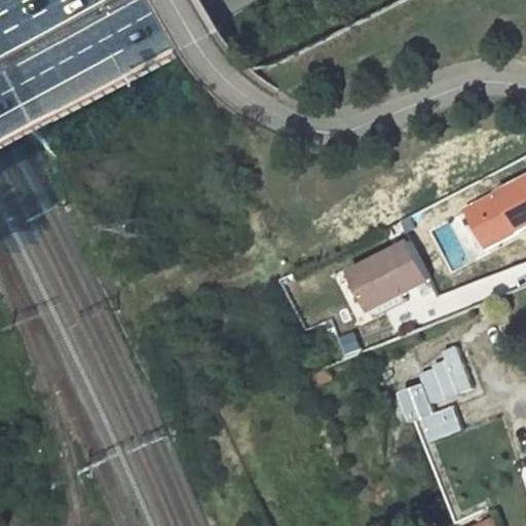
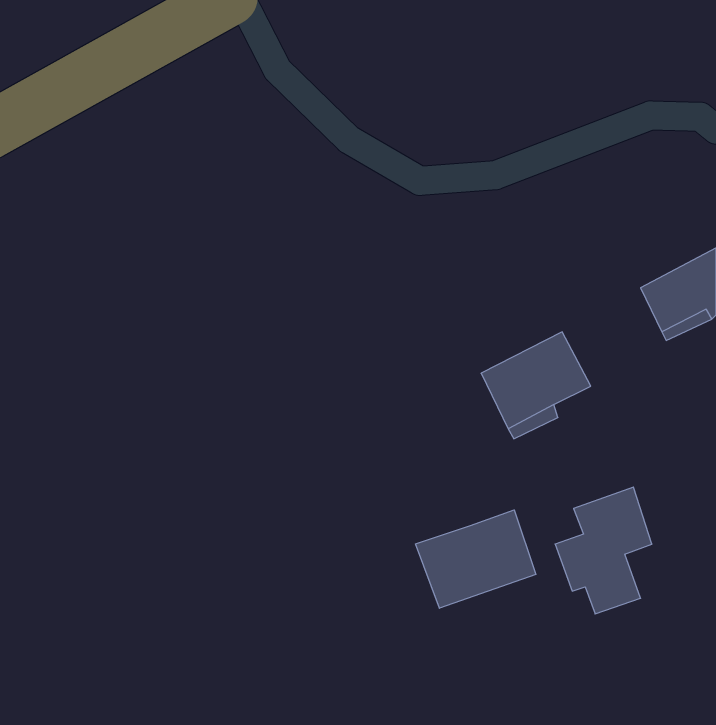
building: none -> [416,510,536,608]

